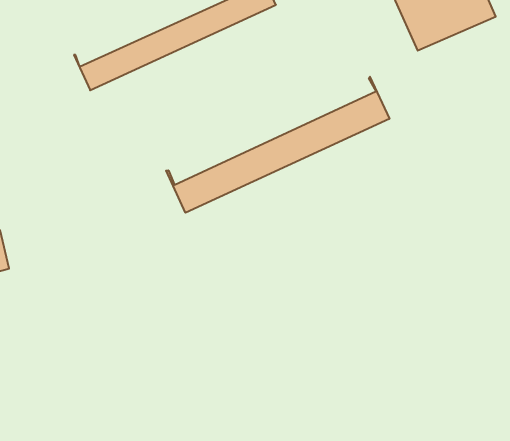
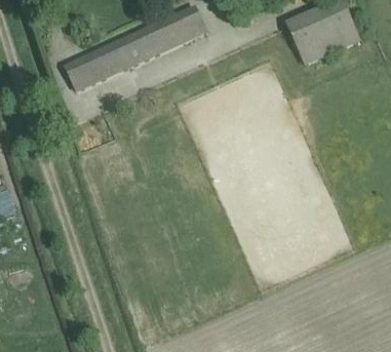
building: [166,77,389,213] -> none

